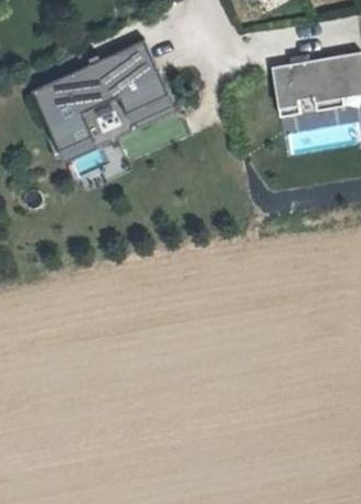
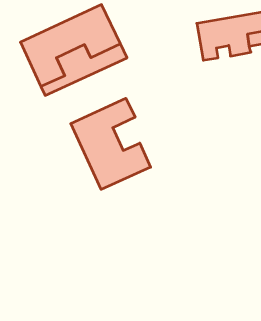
building: none -> [71,98,151,189]

